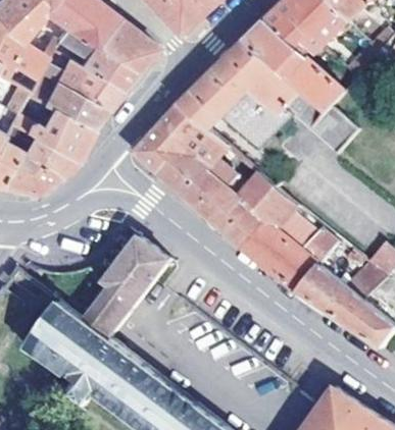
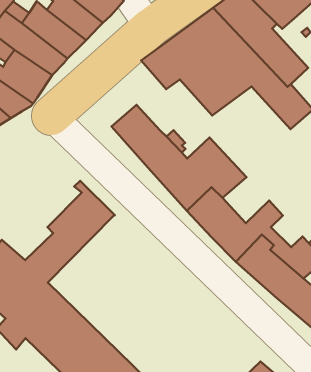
building: [136,102,227,171] -> none
building: [277,205,324,251] -> none

